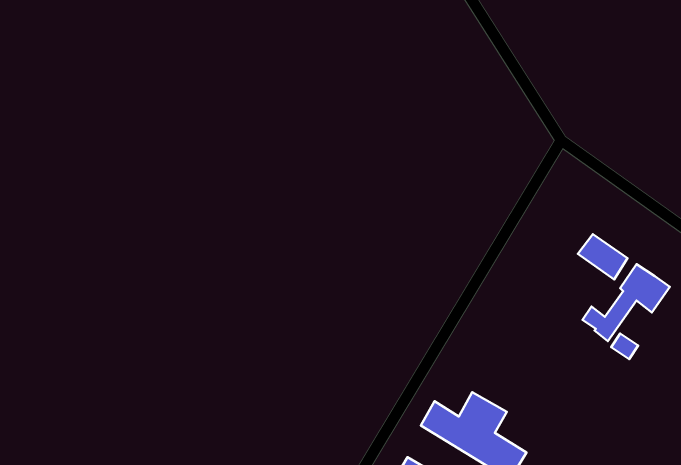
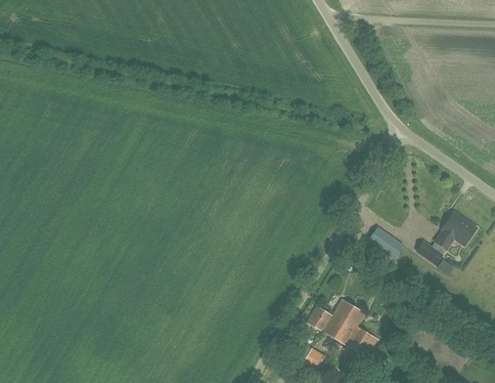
building: [578,234,628,279] -> [368,226,402,257]

